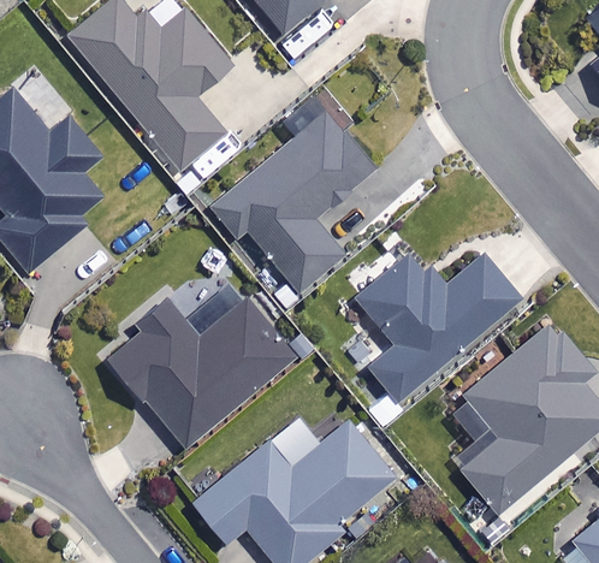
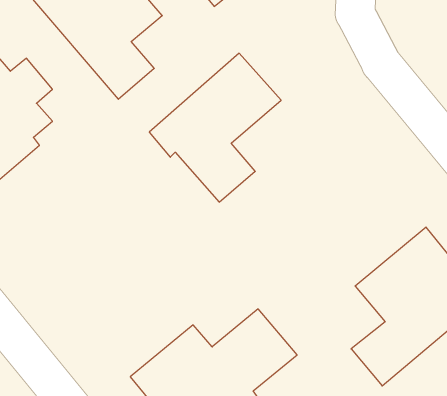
building: [357,251,518,402] -> none
building: [111,263,292,446] -> none

